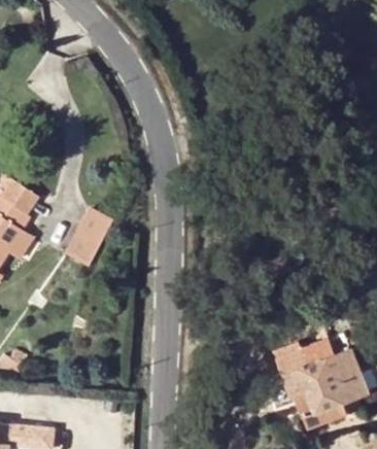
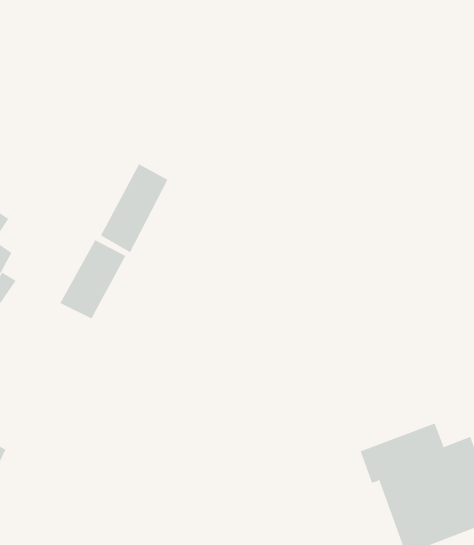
building: none -> [100,164,168,253]

